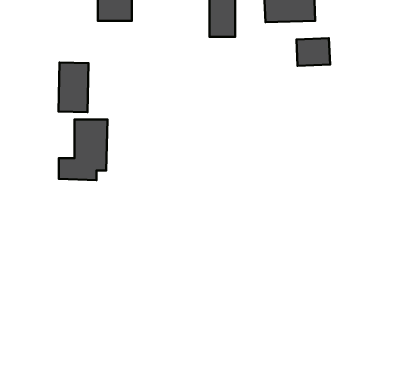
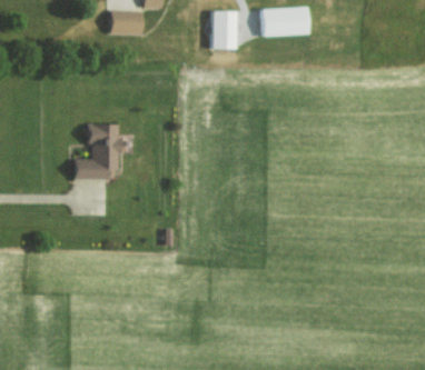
building: [296,38,330,66] -> none
building: [58,63,89,112] -> none

